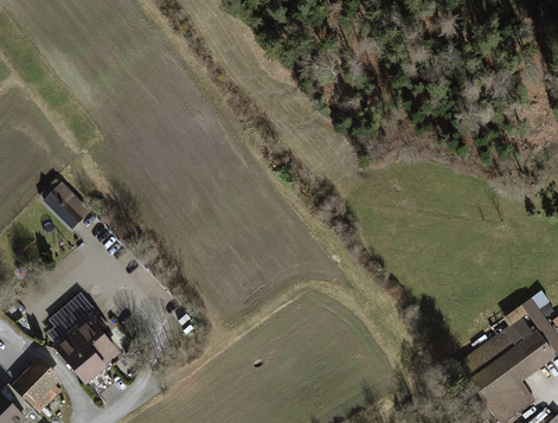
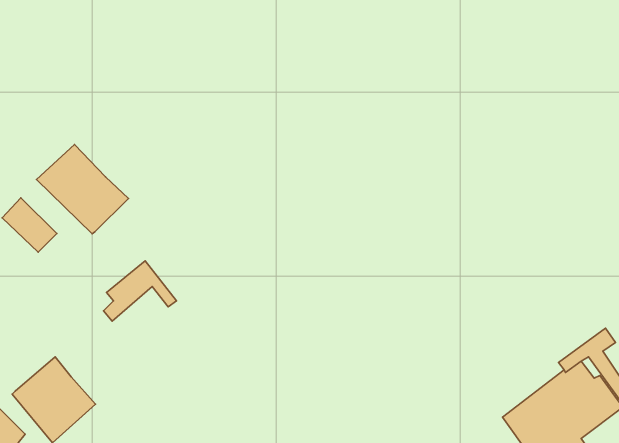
building: none -> [36,144,129,234]
building: [47,293,108,342] -> [104,261,177,321]

